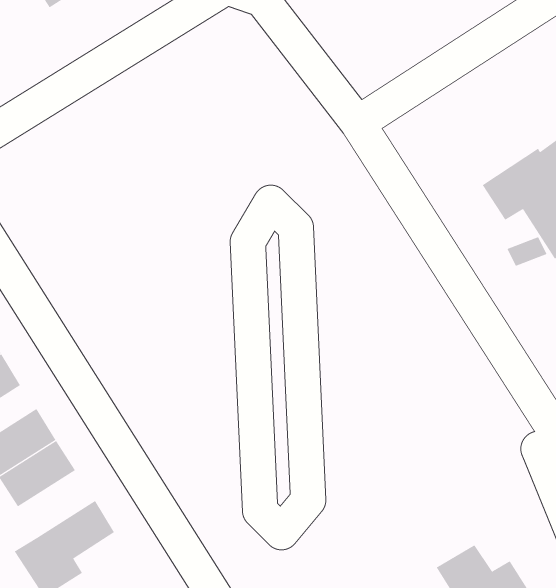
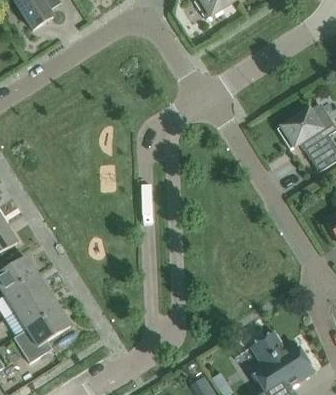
building: none -> [15,290,59,328]

